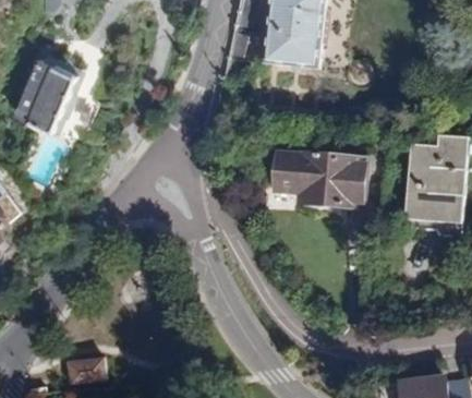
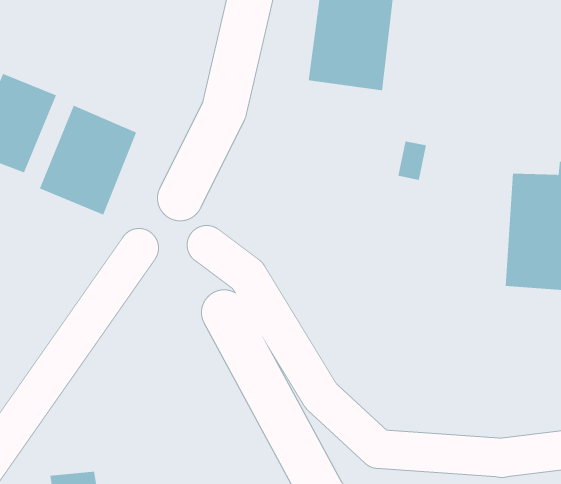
building: none -> [39,105,137,215]
building: [271,153,364,205] -> none

